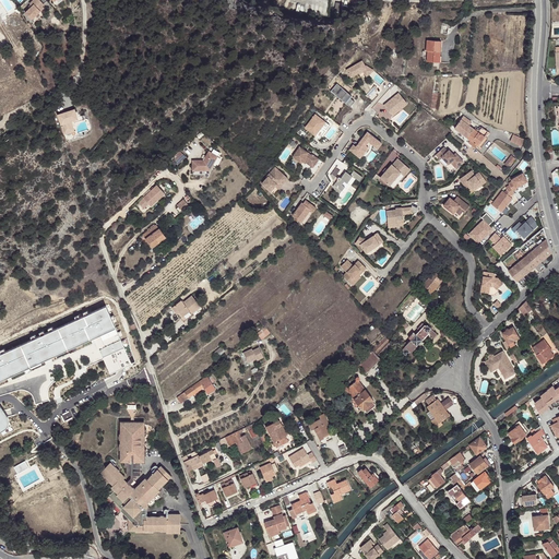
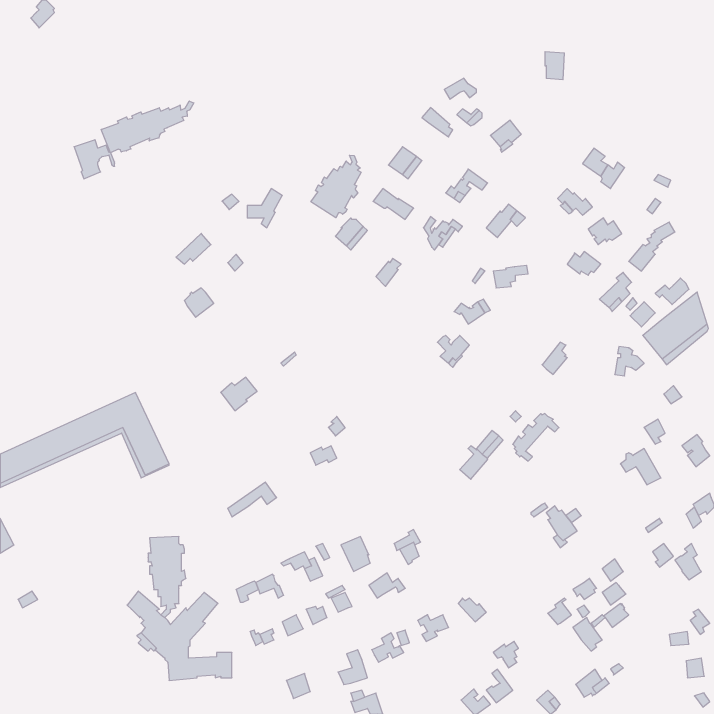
building: none -> [101,101,194,153]
building: none -> [311,155,361,218]
building: [344,379,377,413] -> none

